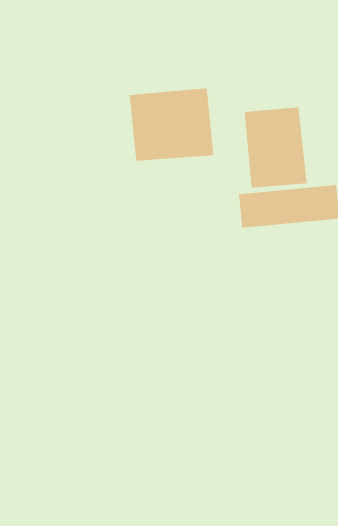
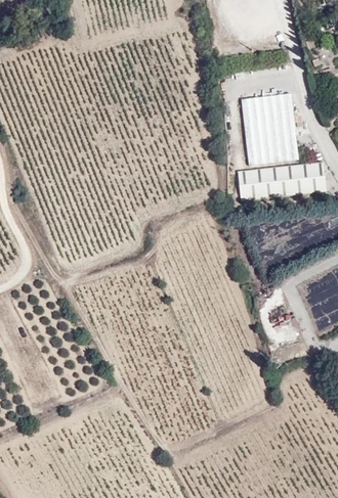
building: [129,87,214,162] -> none

